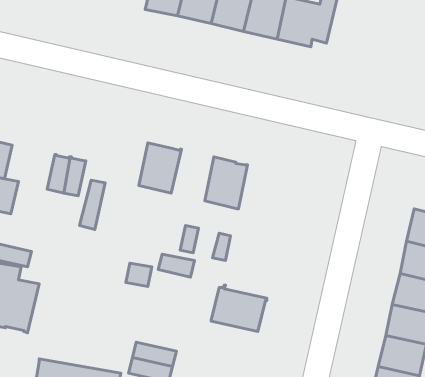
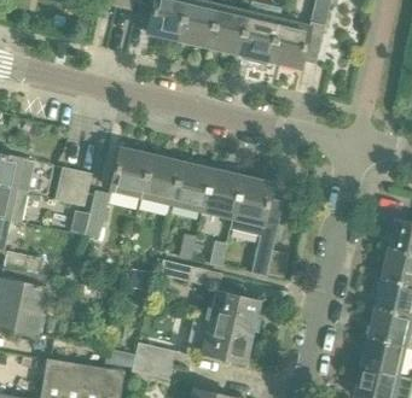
building: none -> [110,150,149,197]
building: none -> [170,163,210,211]
building: none -> [230,177,283,276]
building: none -> [186,320,251,364]

